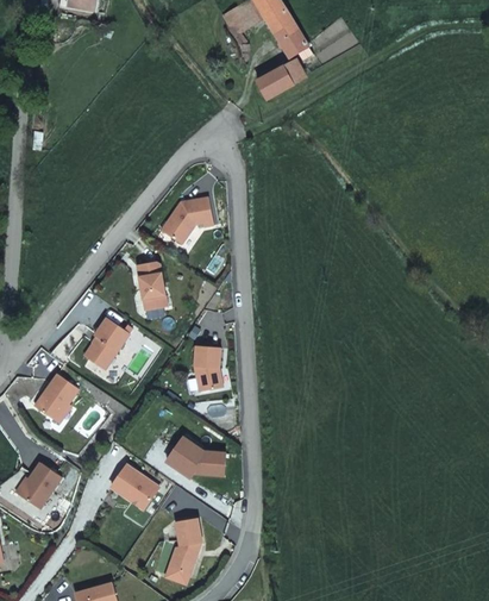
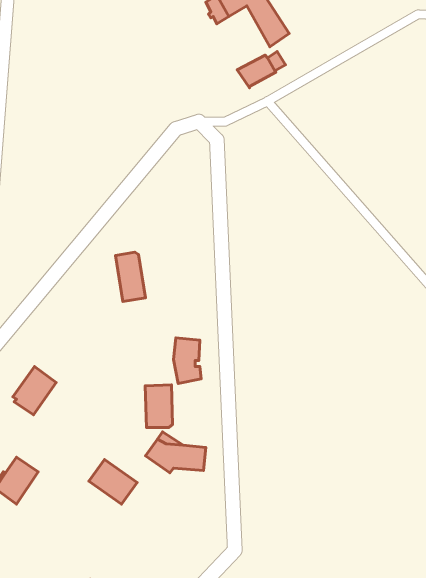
building: [161,196,213,244] -> none
building: [83,317,128,369] -> none
building: none -> [145,385,172,428]
building: [169,518,201,575] -> none

